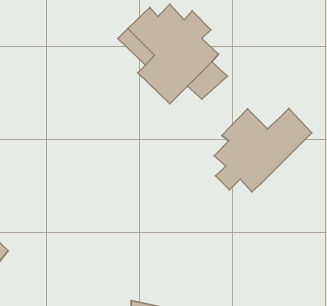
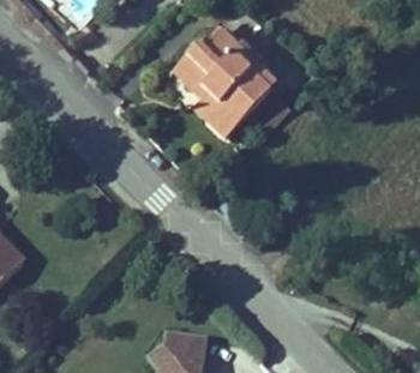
building: [214,108,312,192] -> none

